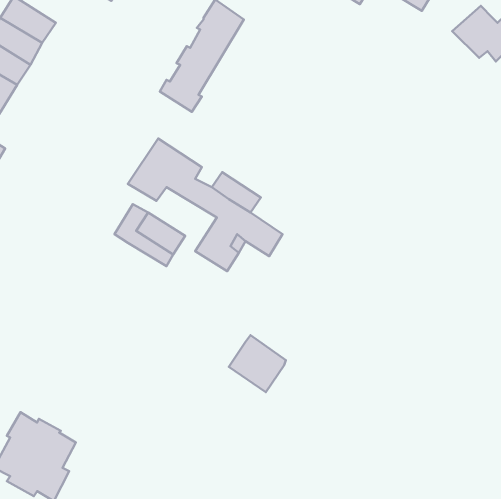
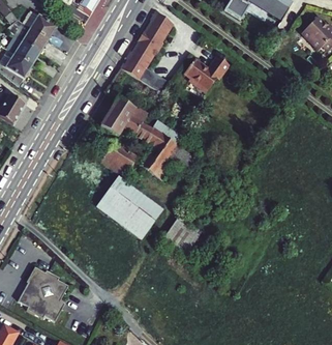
building: none -> [183,56,229,93]
building: none -> [95,176,162,239]

